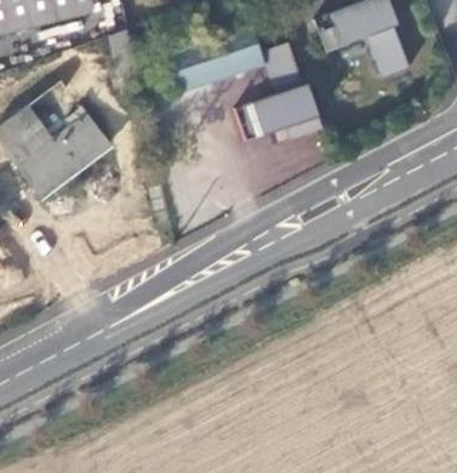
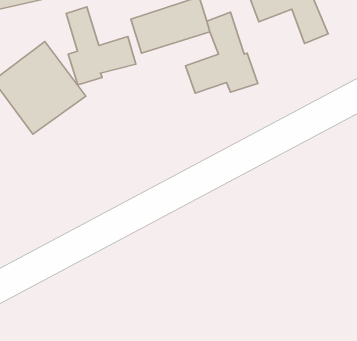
building: none -> [66,7,136,85]

